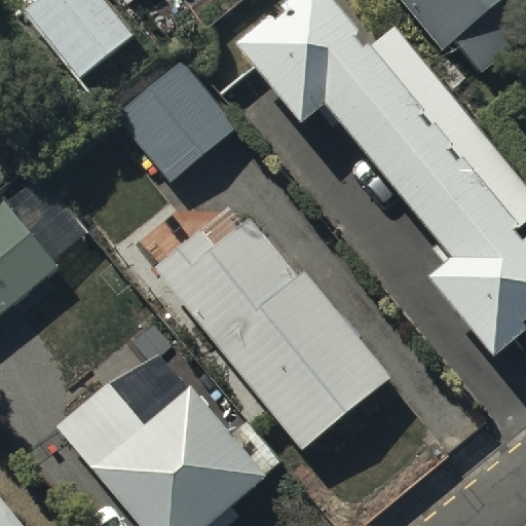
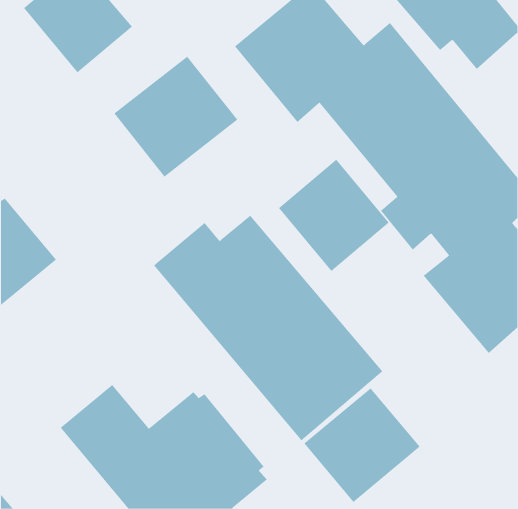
building: none -> [278,159,389,272]
building: none -> [303,387,421,503]

